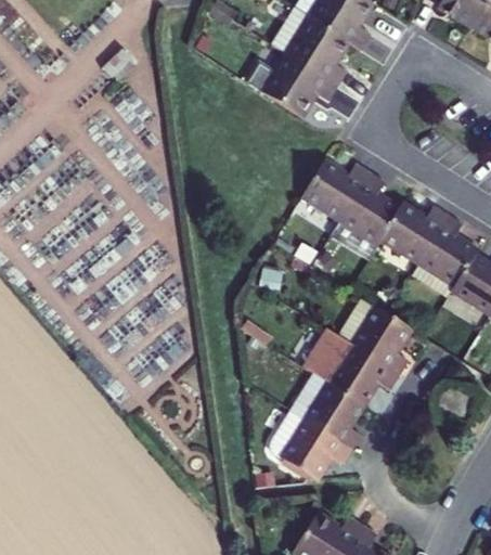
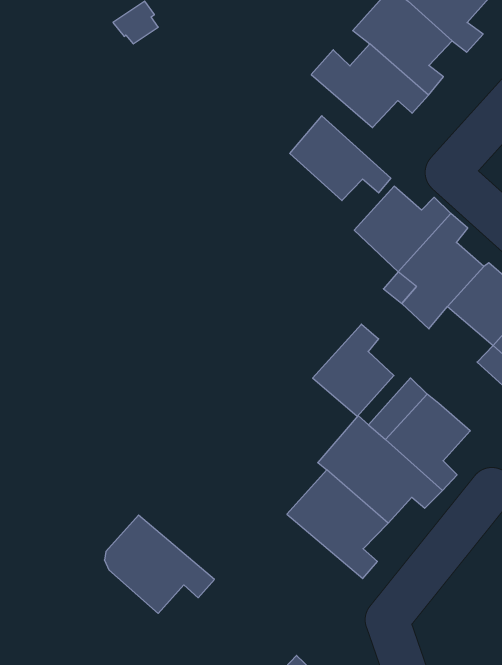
building: none -> [290,116,391,201]
building: none -> [313,324,394,417]
building: [270,410,352,479] -> [104,515,214,613]

